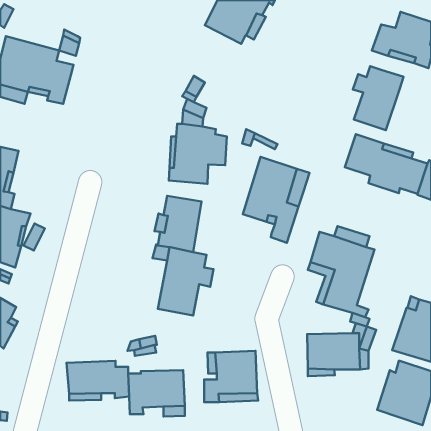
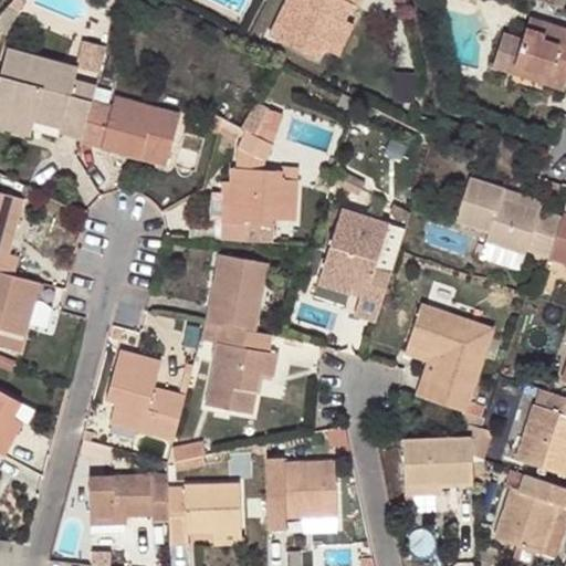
building: [353,66,404,130] -> none
building: none -> [82,96,180,164]
building: none -> [106,349,185,440]

